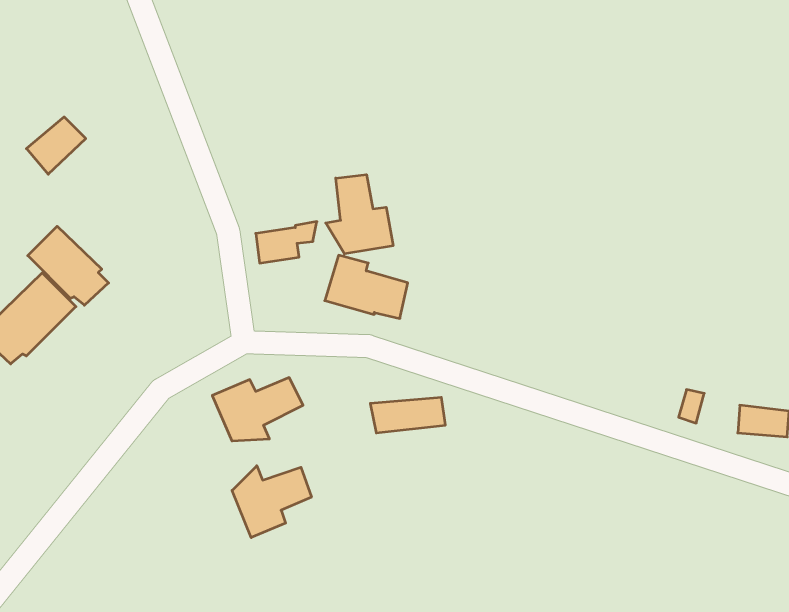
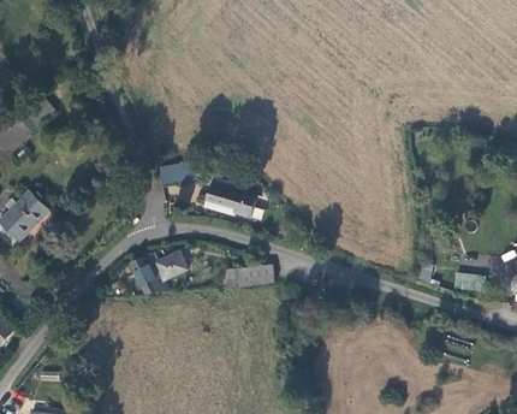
building: [326,175,393,254] -> none
building: [28,226,109,305] -> none
building: [232,466,311,538] -> none

